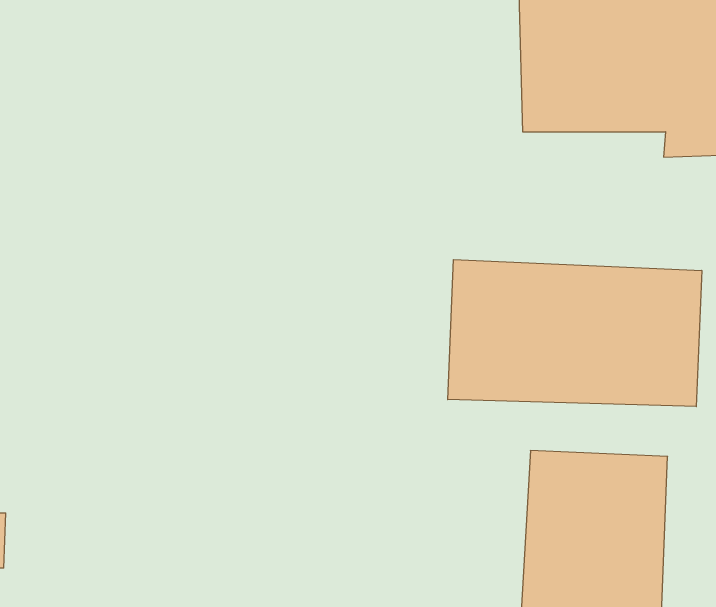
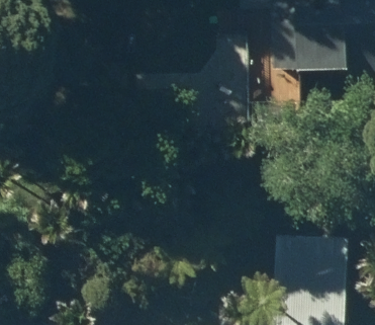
building: [448,260,702,407] -> none

